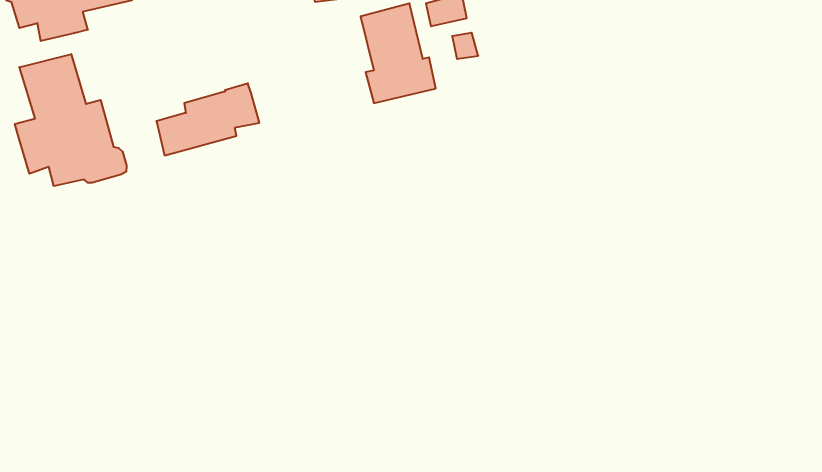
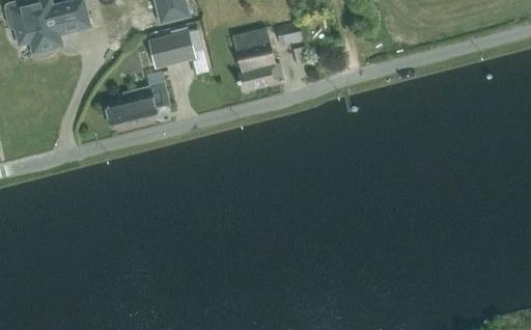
building: none -> [148,31,194,65]
building: [15,54,127,186] -> none

